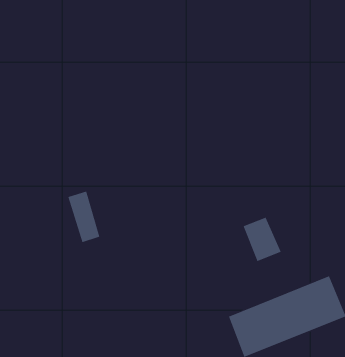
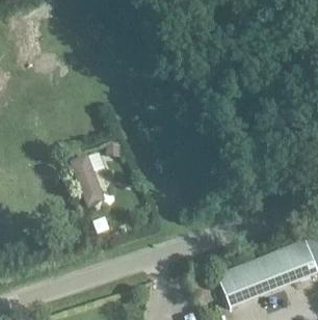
building: [243,217,282,262] -> none

